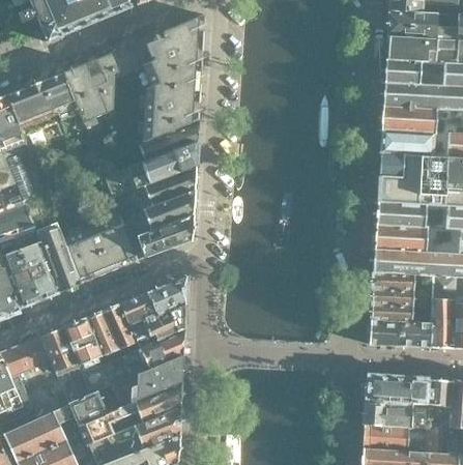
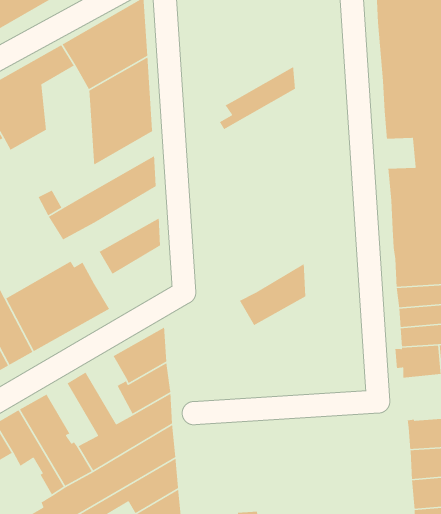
building: [132,122,197,166] -> [219,66,296,130]
building: [136,166,195,211] -> none
building: [135,213,191,258] -> [239,263,306,326]
building: [118,295,150,349] -> none
building: [85,312,120,358] -> none

